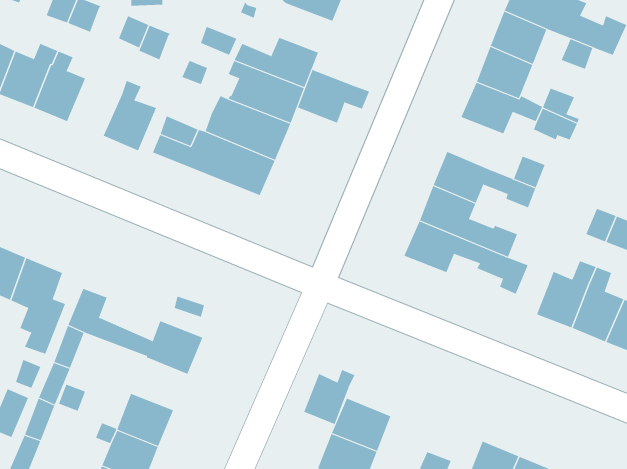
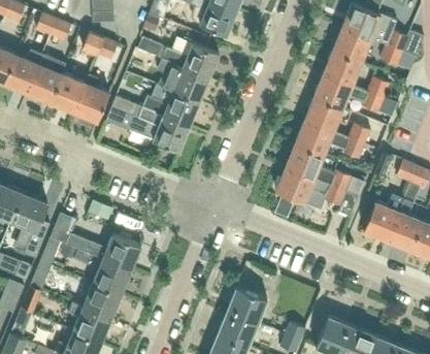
building: [297,69,370,124] -> none
building: none -> [49,73,86,111]
building: none -> [303,99,341,134]
building: none -> [92,260,130,295]
building: [303,369,355,425] -> none

